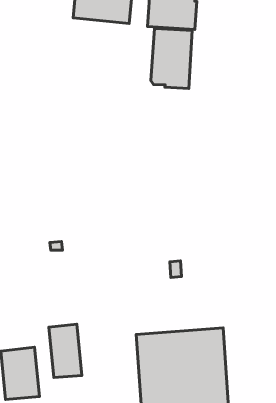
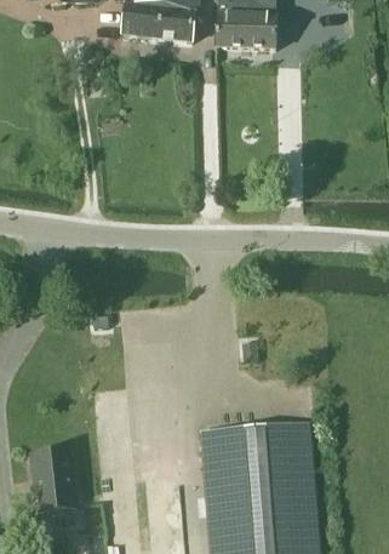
building: [151,28,192,89] -> none
building: [49,324,82,378] -> none

